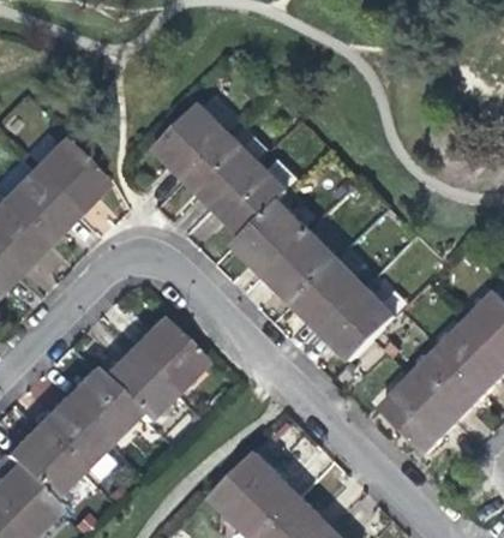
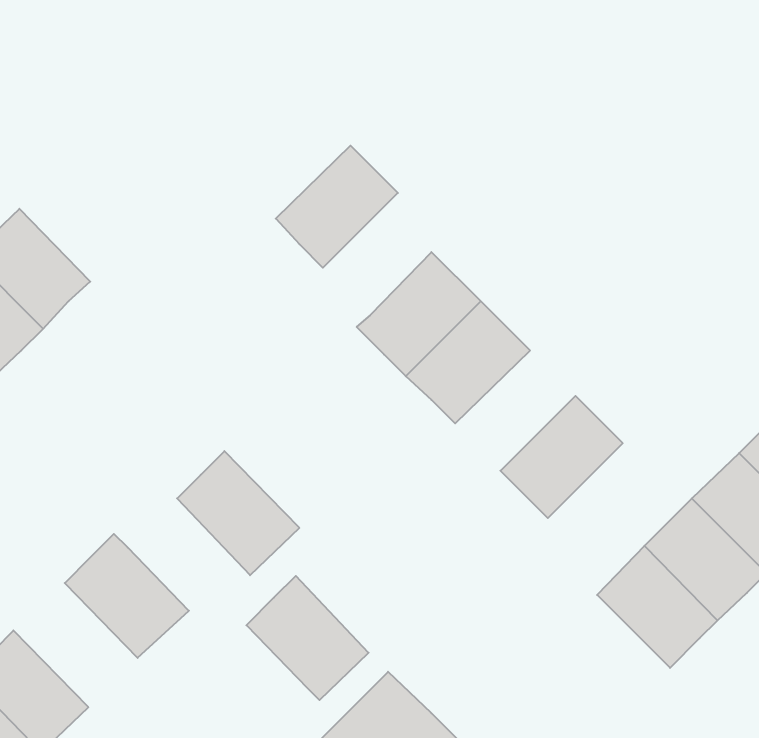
building: [160,106,234,179] -> none
building: [32,142,107,217] -> none
building: [217,163,292,238] -> none
building: [298,259,371,333] -> none
building: [98,349,173,425] -> [246,576,369,700]
building: [29,401,104,477] -> none

